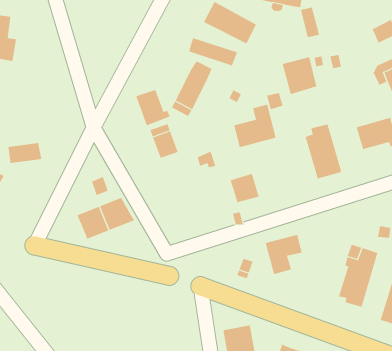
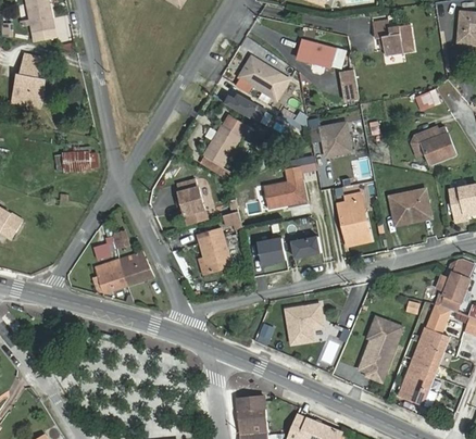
building: [135,89,170,126] -> none
building: [8,143,42,164] -> [54,151,89,171]
building: none -> [197,226,231,273]
building: none -> [288,235,318,258]

